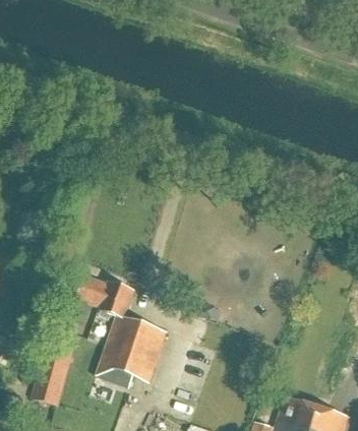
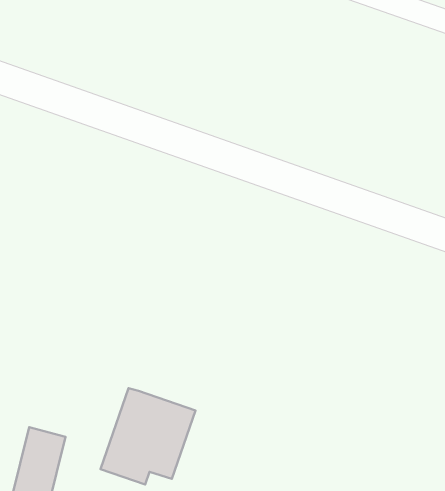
building: [77,278,134,318] -> none

